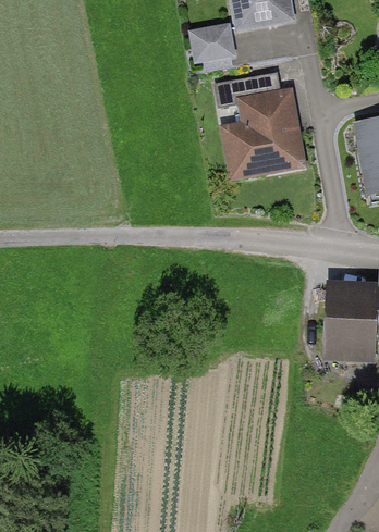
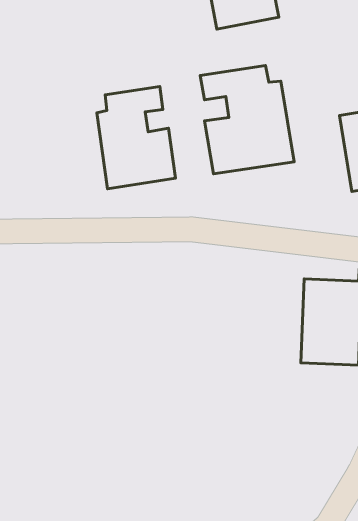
building: [185,23,233,69] -> none
building: none -> [97,86,175,189]

